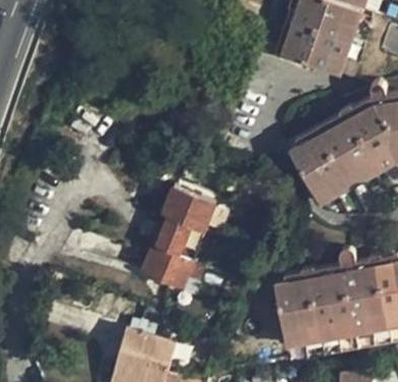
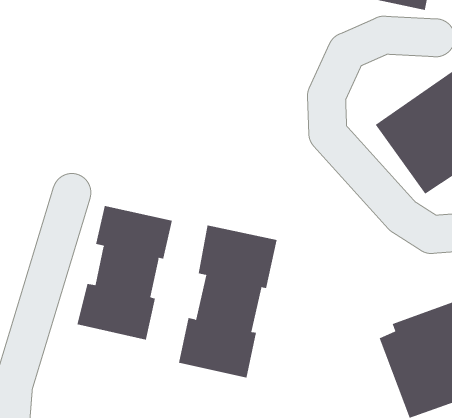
building: none -> [77,205,173,340]

